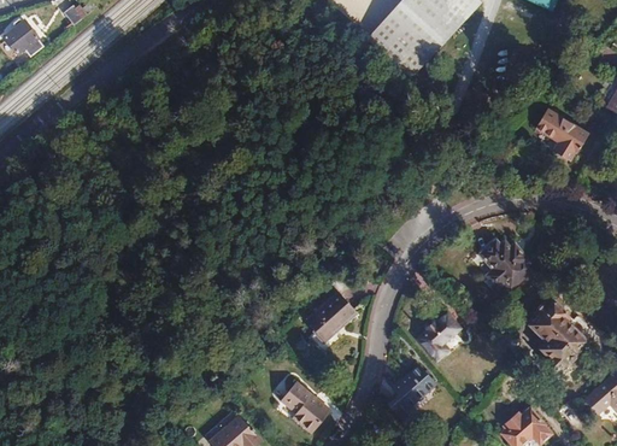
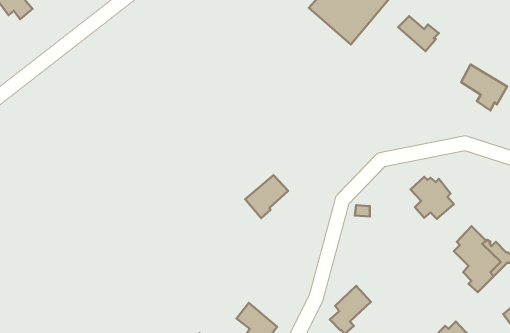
building: none -> [398,16,439,51]
building: [306,291,355,340] -> [245,175,288,218]
building: [417,312,457,357] -> none

